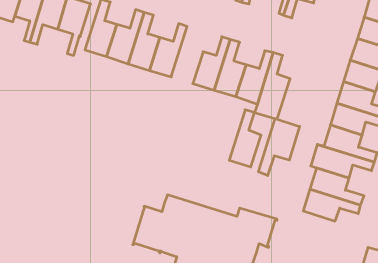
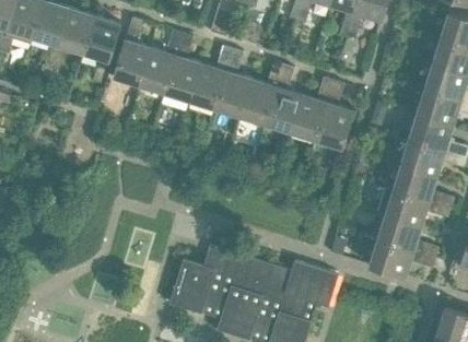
building: [229,110,261,167] -> [214,49,251,116]
building: [259,119,300,176] -> none

